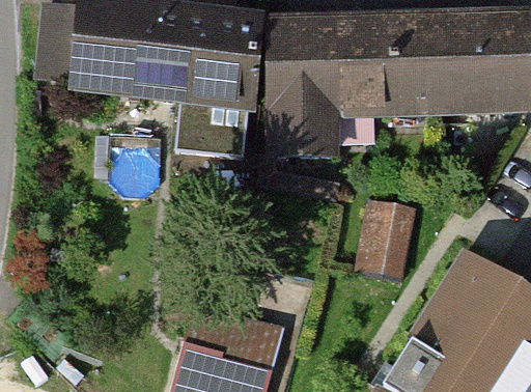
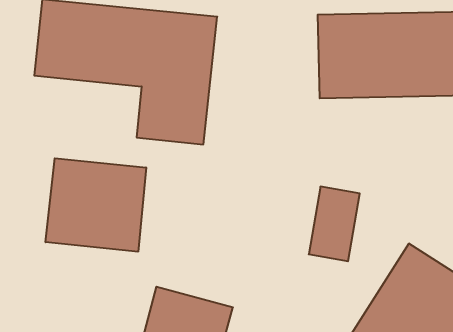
building: [273,18,370,151] -> none
building: none -> [46,158,146,252]

